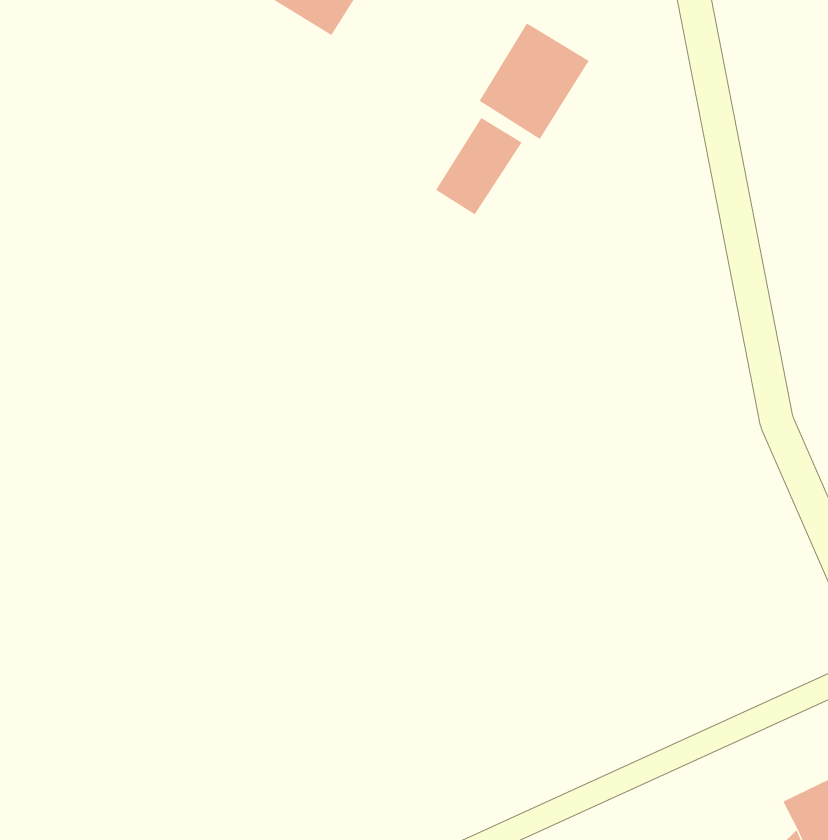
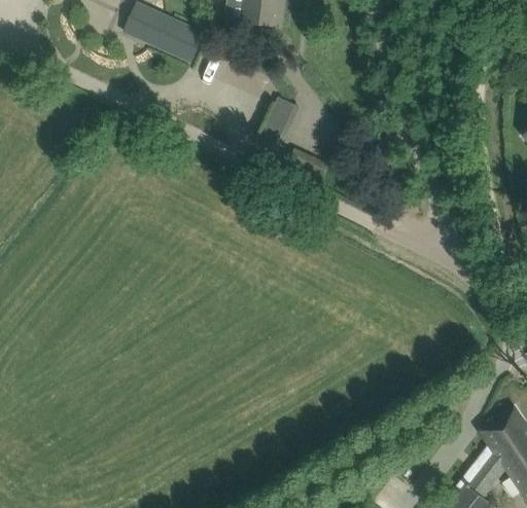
building: [479,22,590,140] -> none

